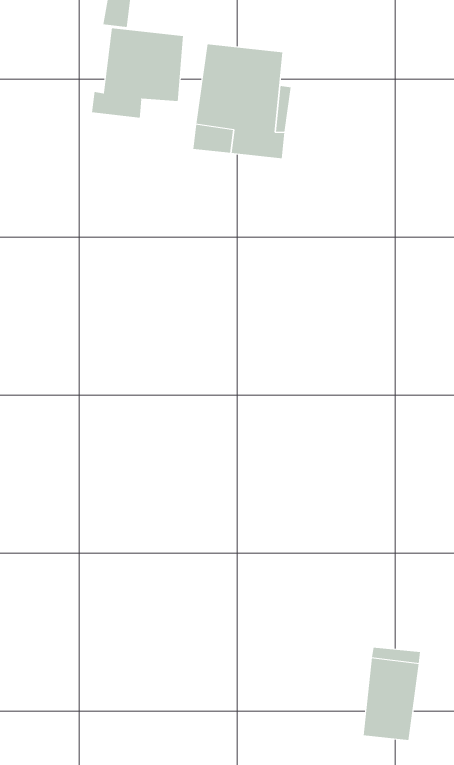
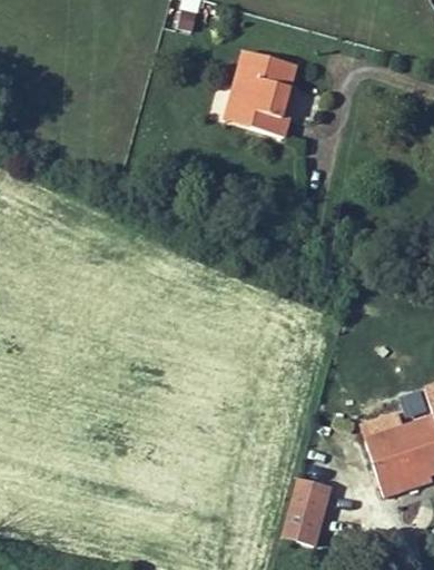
building: [92,27,184,118] -> none

